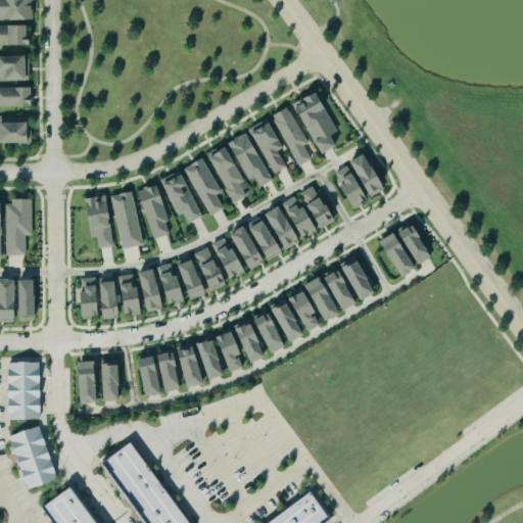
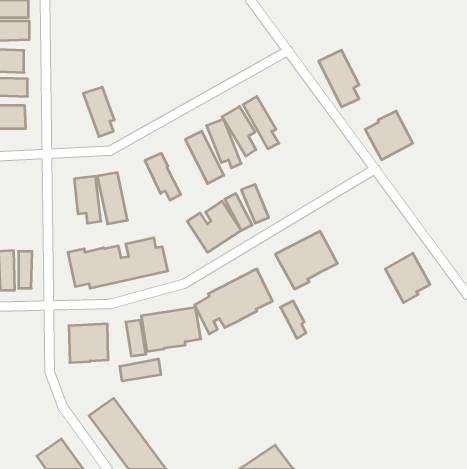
building: [292,92,337,155] -> [319,50,359,107]
building: [332,153,385,207] -> [365,111,413,160]
building: [182,158,223,217] -> none
building: [135,185,170,240] -> [83,87,114,137]
building: [285,185,334,237] -> none
building: [4,200,31,255] -> none
building: [382,222,432,277] -> [385,253,430,303]
building: [198,247,224,289] -> none
building: [176,255,205,298] -> none
building: [290,289,319,331] -> [280,301,306,338]
building: [6,363,40,420] -> none
building: none -> [120,359,161,381]
building: [10,426,56,490] -> none

